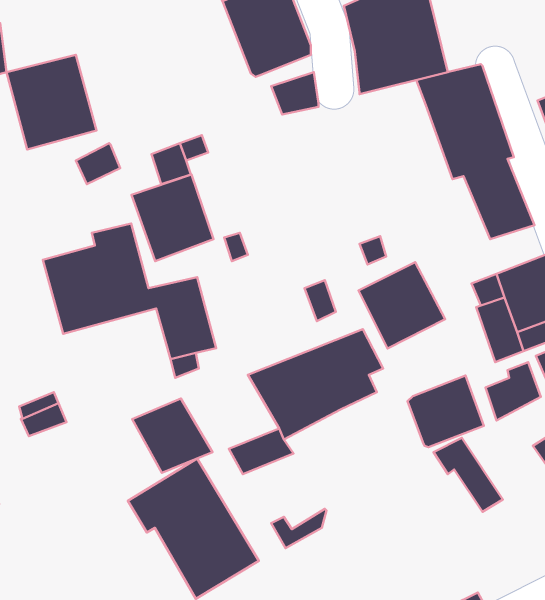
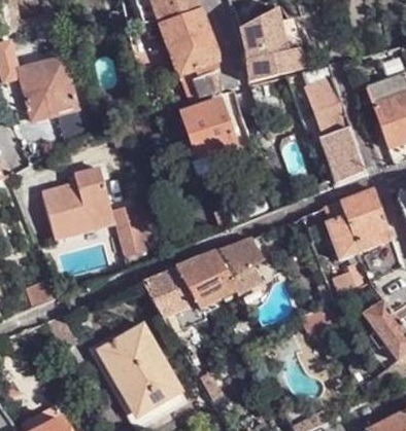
building: [132,174,214,261] -> [181,100,235,156]
building: [358,262,445,348] -> none
building: [408,376,484,447] -> none
building: [132,399,212,473] -> [144,266,197,315]

